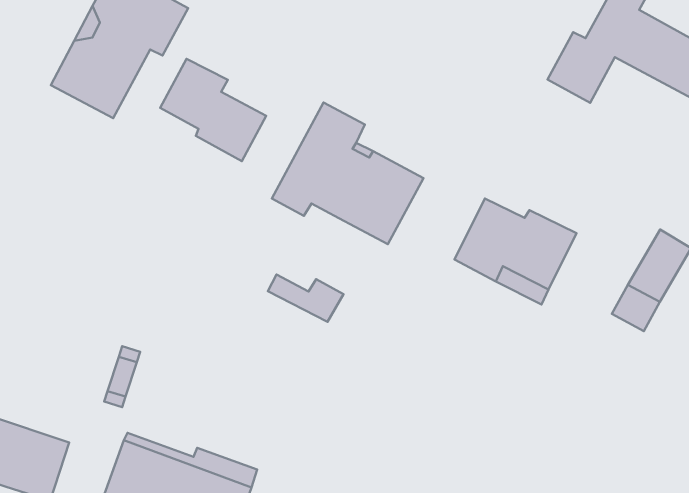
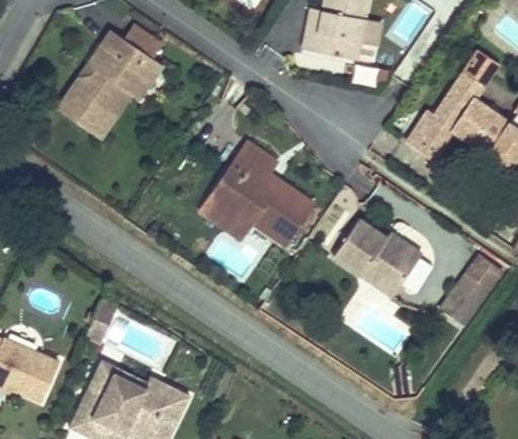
building: [160,59,266,161] -> none
building: [268,274,344,322] -> [202,203,255,240]

